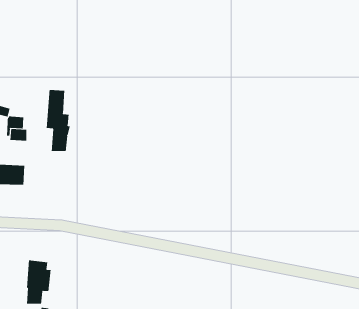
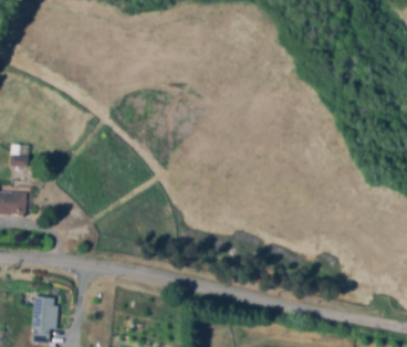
building: [46,89,70,152] -> none

